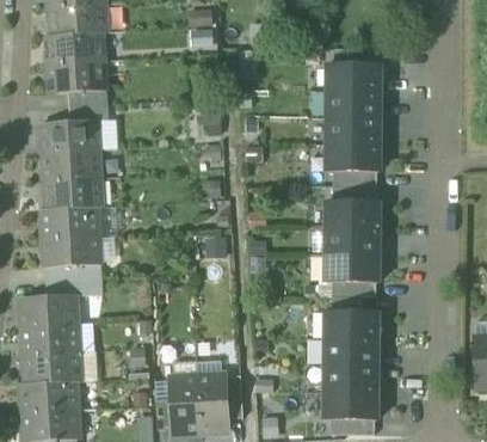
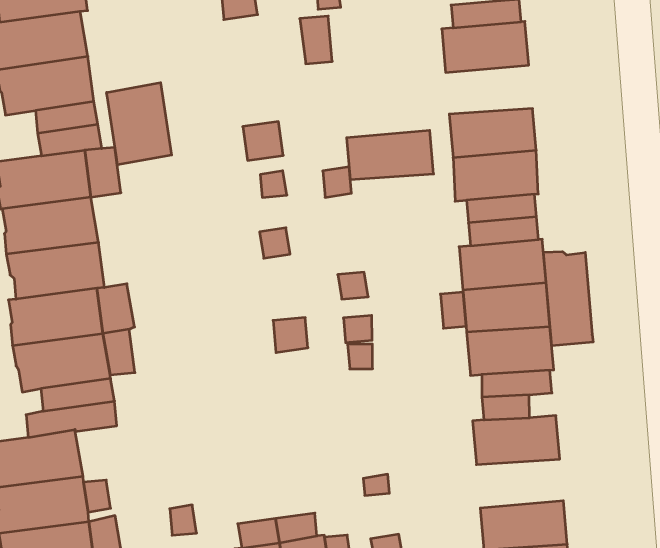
building: none -> [107,83,172,165]
building: [327,91,380,118] -> [347,130,434,179]
building: none -> [543,252,593,346]
building: [325,338,377,366] -> none

